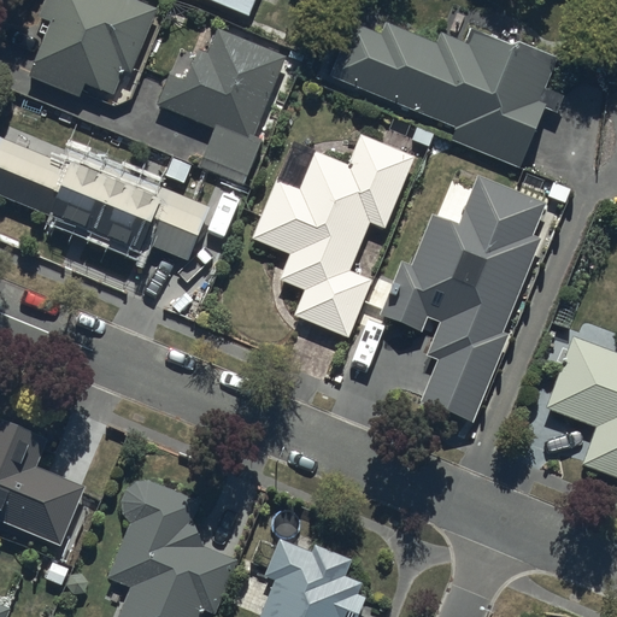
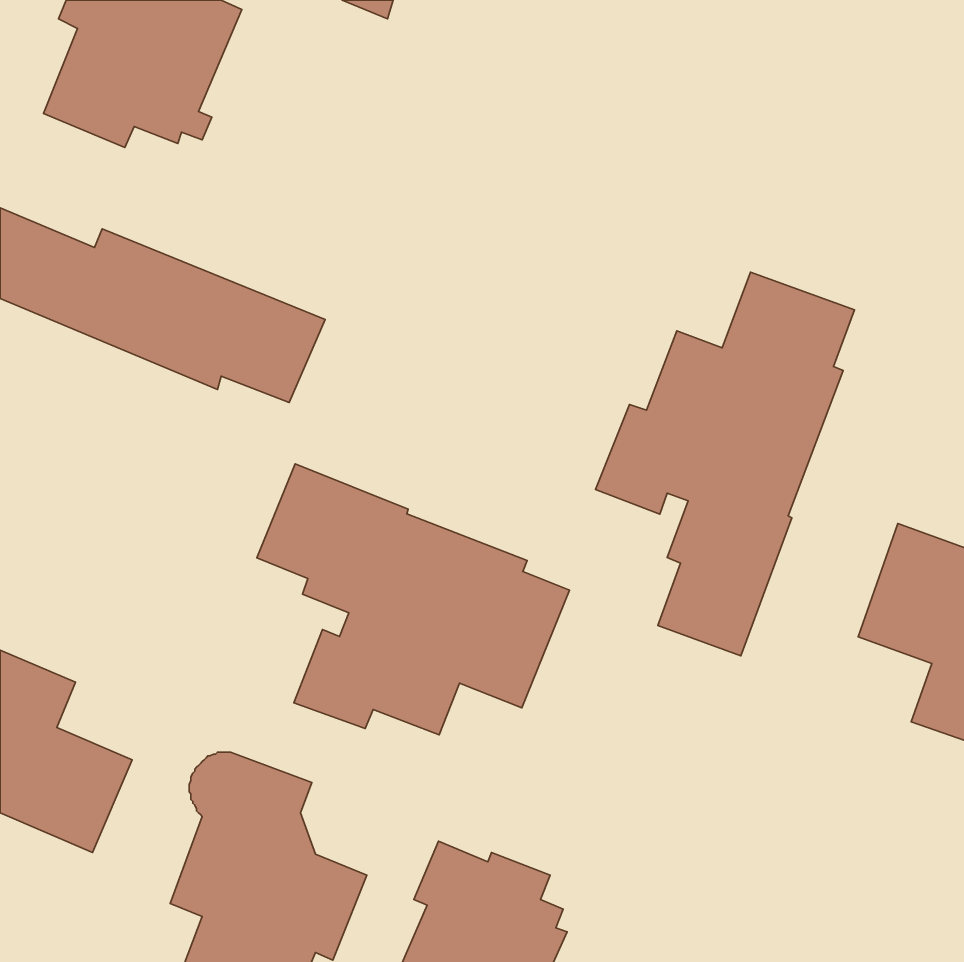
building: [329,20,563,169] -> none
building: [158,29,283,183] -> none
building: [252,135,413,336] -> none
building: none -> [257,464,569,735]

